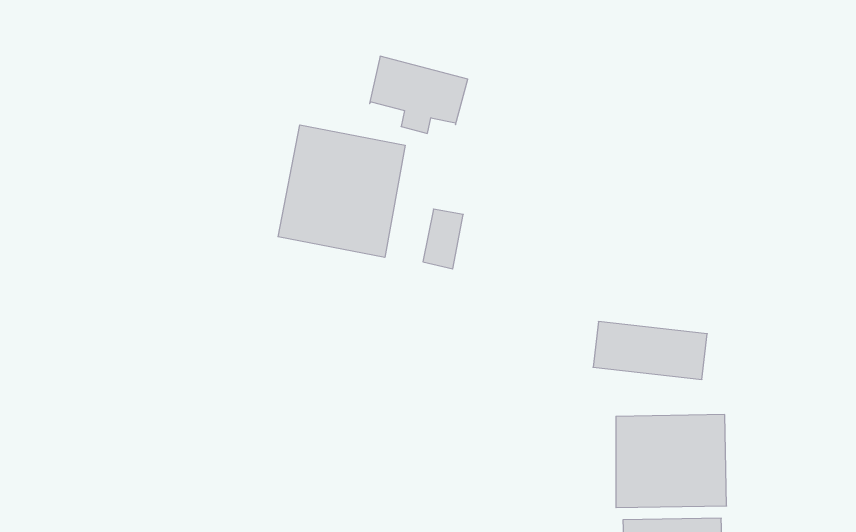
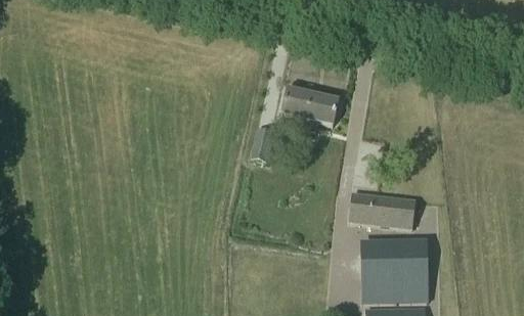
building: [370,56,468,133] -> [281,85,339,130]
building: [278,125,405,257] -> none

